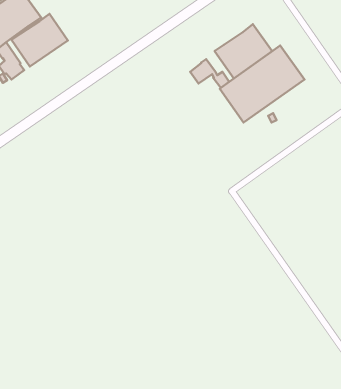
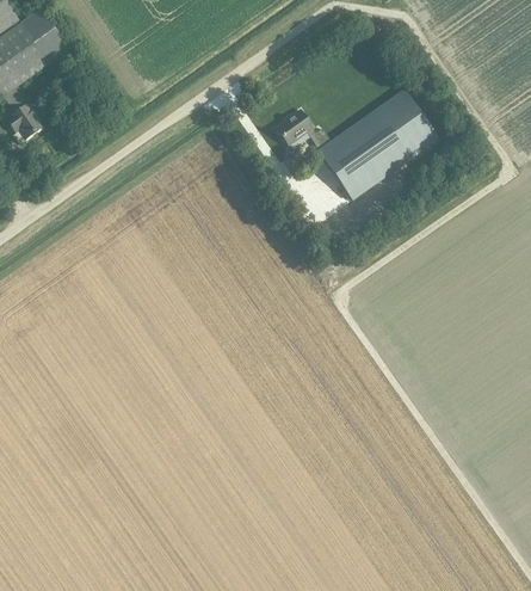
building: [12,14,68,67] -> none
building: [215,24,272,78] -> none

